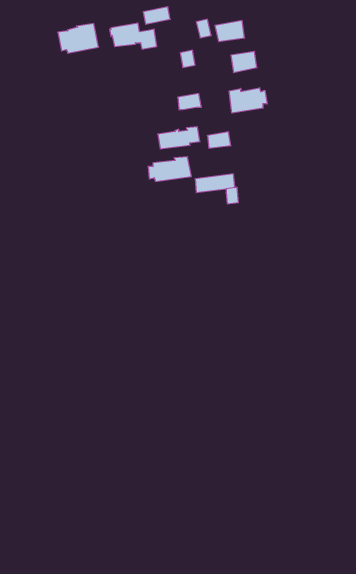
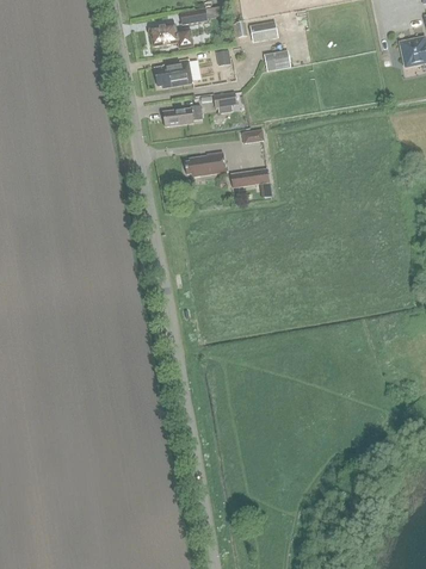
building: [58,24,99,53] -> [153,58,192,87]
building: [229,88,267,113] -> none
building: [158,127,200,149] -> [161,104,202,125]

